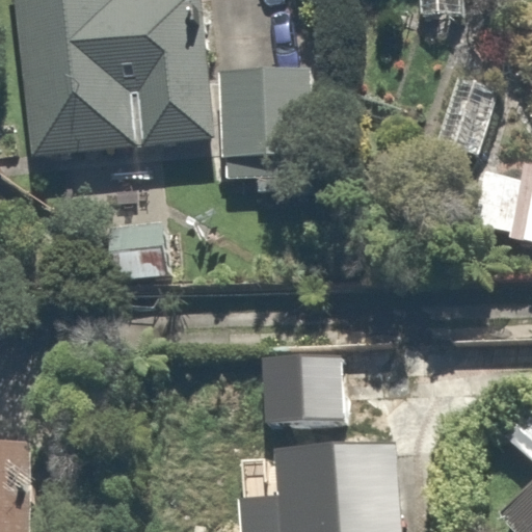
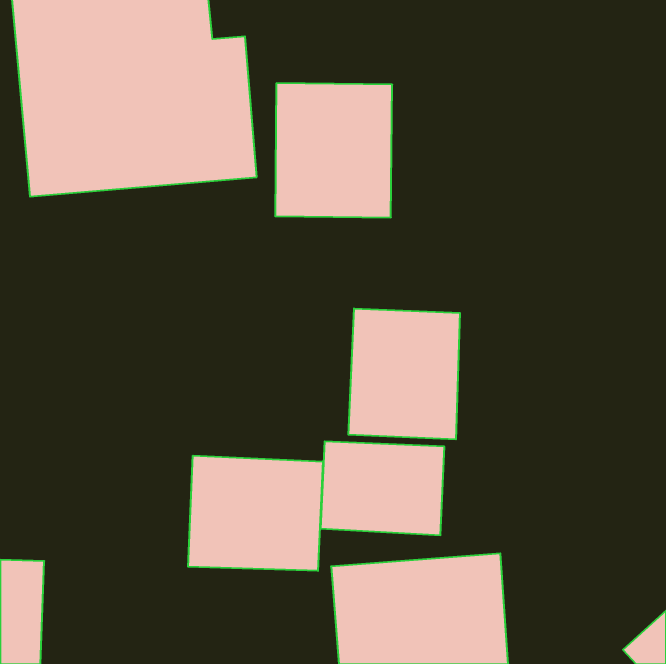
building: none -> [348,308,460,439]
building: none -> [188,456,323,571]

